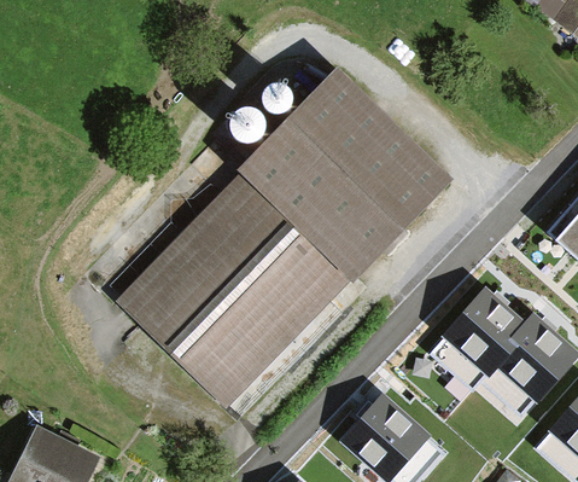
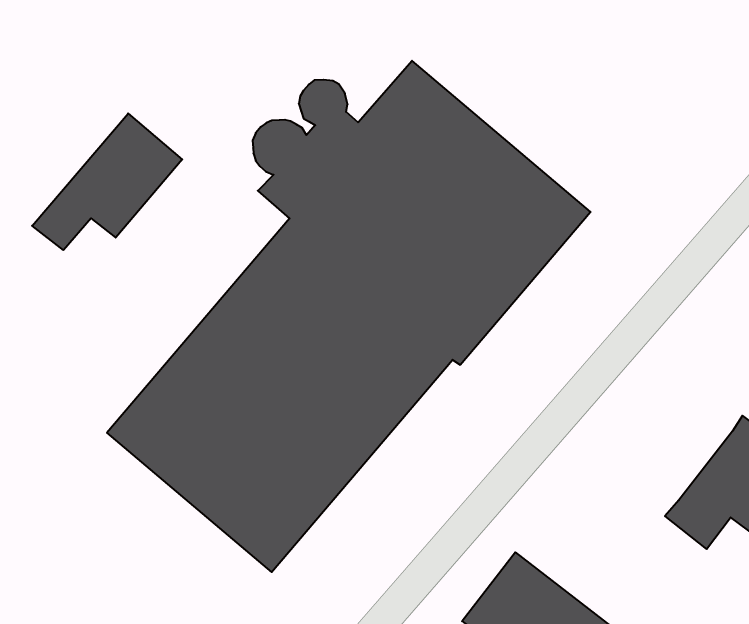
building: none -> [32,113,182,250]
building: [432,292,529,376] -> none

